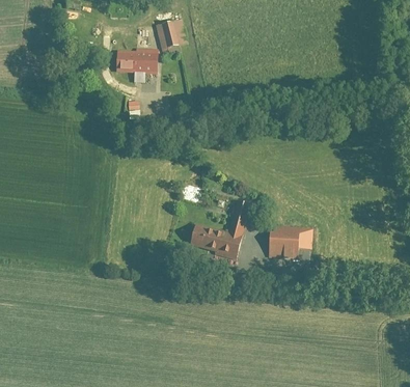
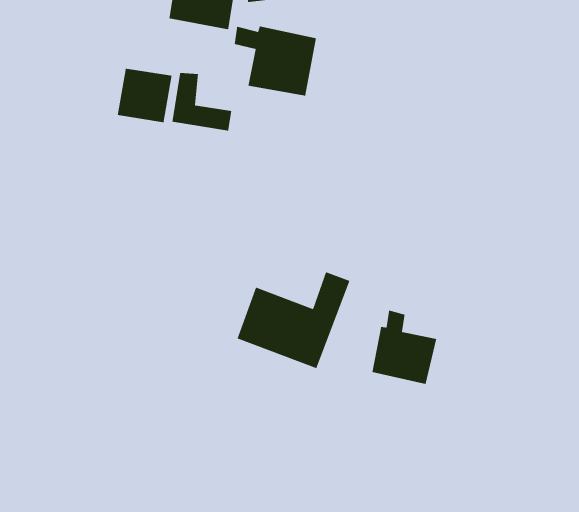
building: none -> [234,26,317,97]
building: none -> [117,68,173,123]

